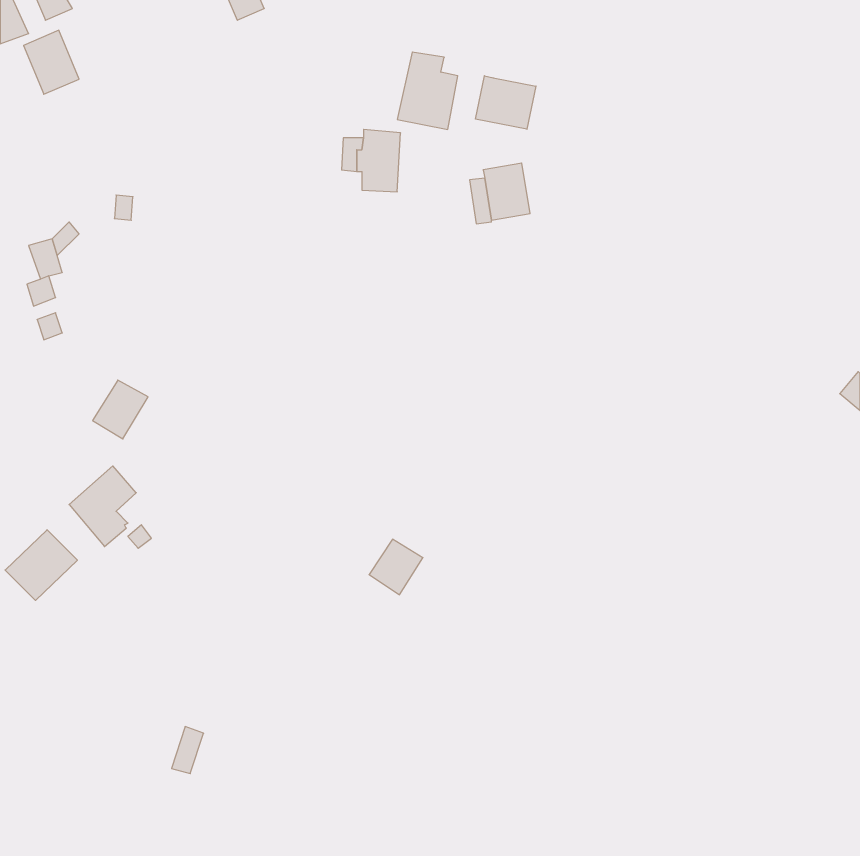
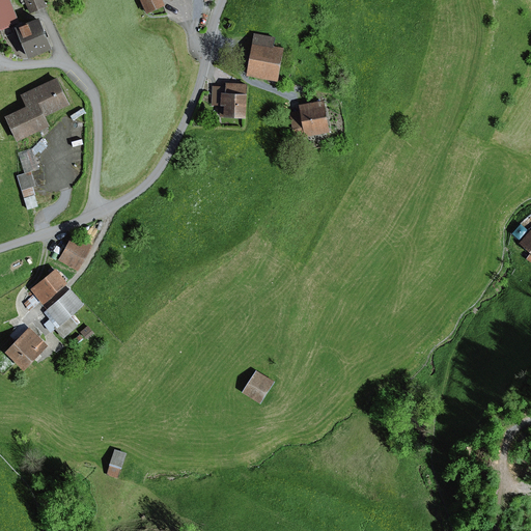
building: [476,76,536,129] -> none
building: none -> [5,77,68,142]
building: none -> [30,269,67,303]
building: [369,539,423,595] -> [241,369,274,403]

